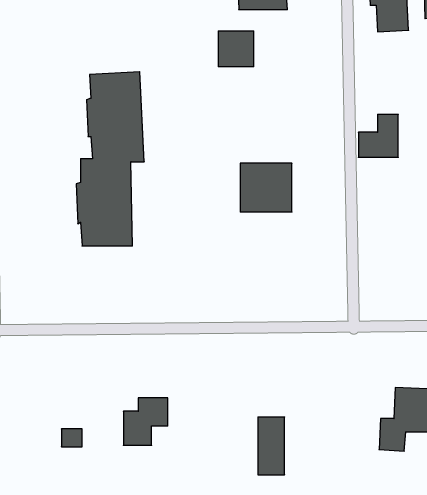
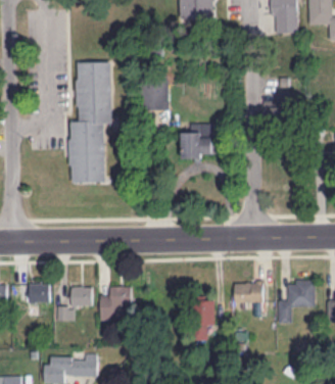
building: [218,31,254,67] -> [142,86,166,110]
building: none -> [234,282,265,316]
building: none -> [29,284,51,302]
building: none -> [70,287,92,306]

